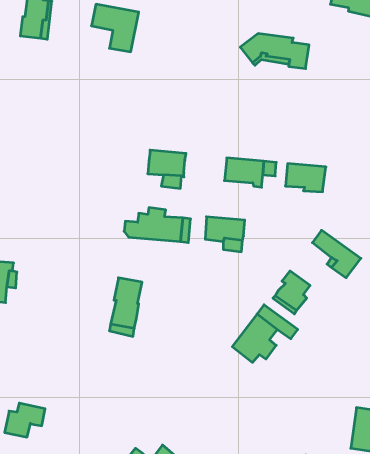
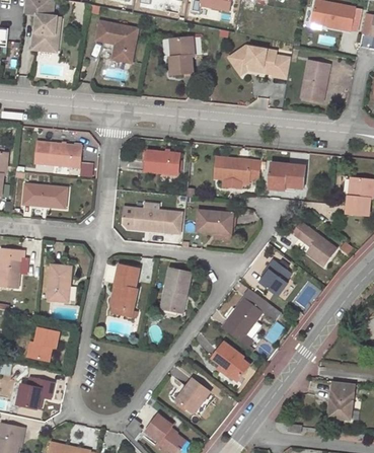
building: none -> [169,36,193,74]
building: none -> [302,61,329,100]
building: none -> [34,141,81,166]
building: none -> [23,183,66,207]
building: none -> [48,265,71,301]
building: none -> [160,268,192,311]
building: none -> [27,327,59,360]
building: none -> [212,342,249,380]
building: none -> [176,378,210,411]

